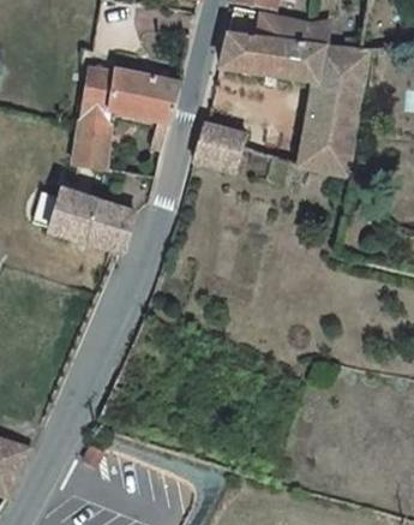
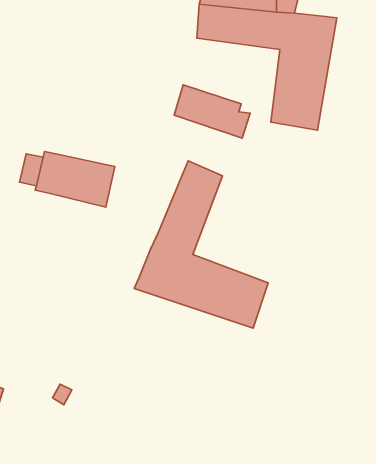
building: [79,62,180,161] -> none
building: none -> [134,161,268,328]

